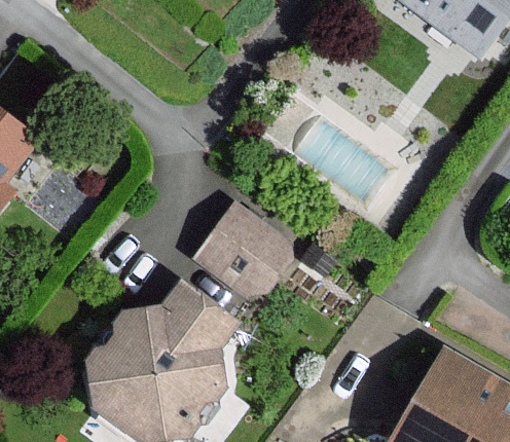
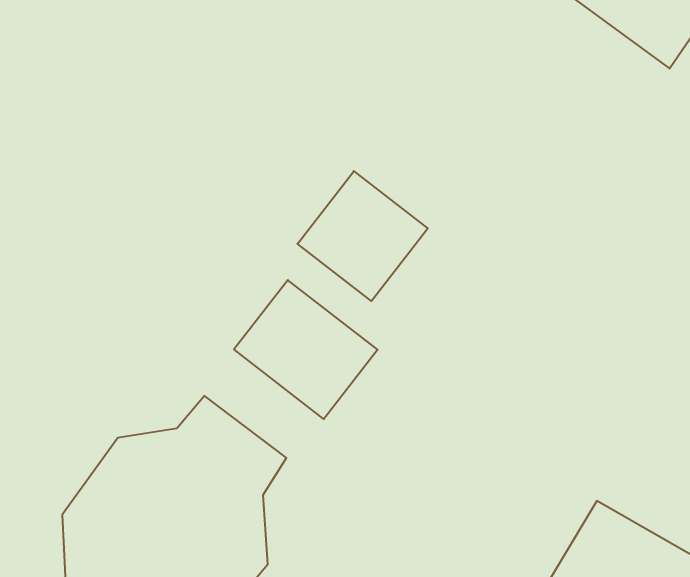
building: none -> [297,171,428,301]

